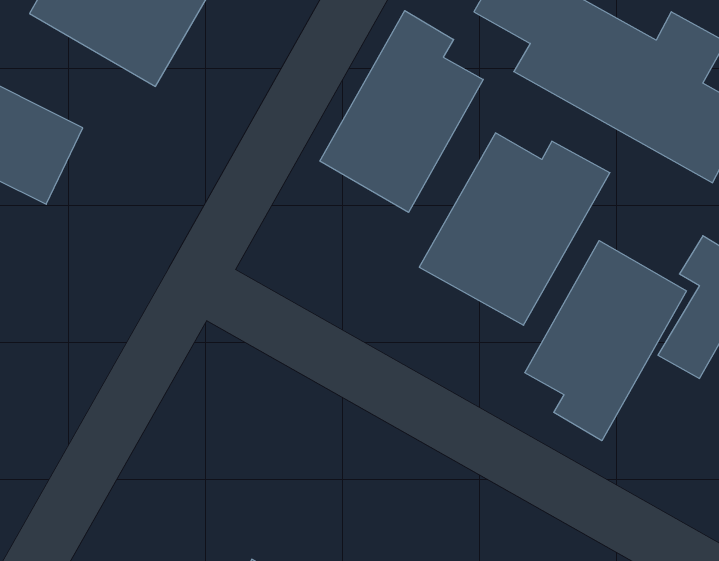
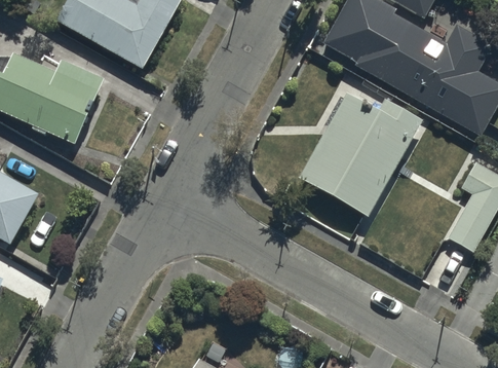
building: [320,11,483,212] -> none
building: [525,241,686,441] -> none

